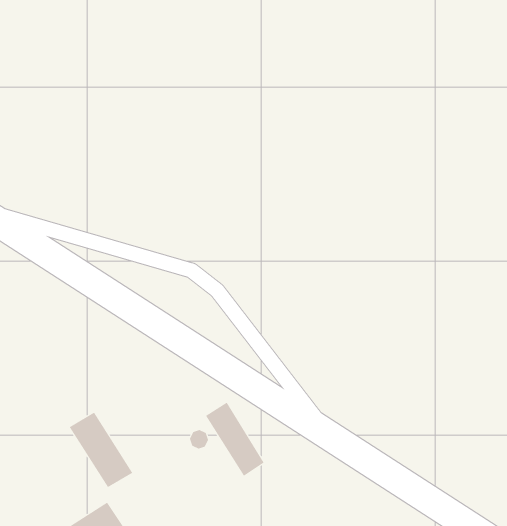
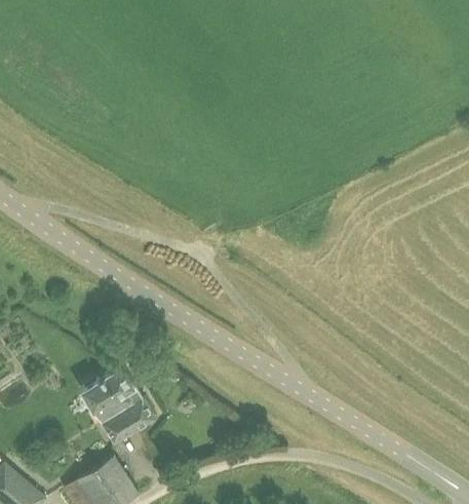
building: [205,402,265,477] -> [102,365,154,431]

